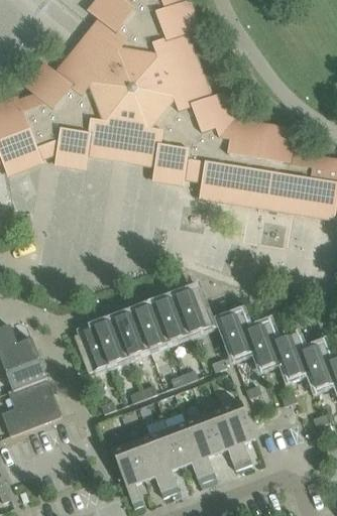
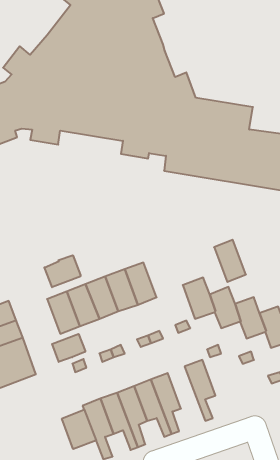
building: [177,287,211,333] -> [214,240,246,282]
building: none -> [44,255,80,287]
building: none -> [52,334,85,362]
building: [203,407,243,469] -> none
building: none -> [62,409,96,449]

